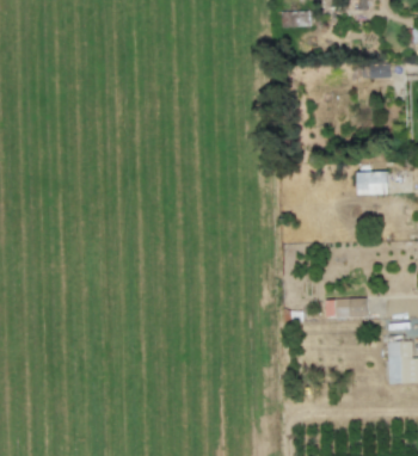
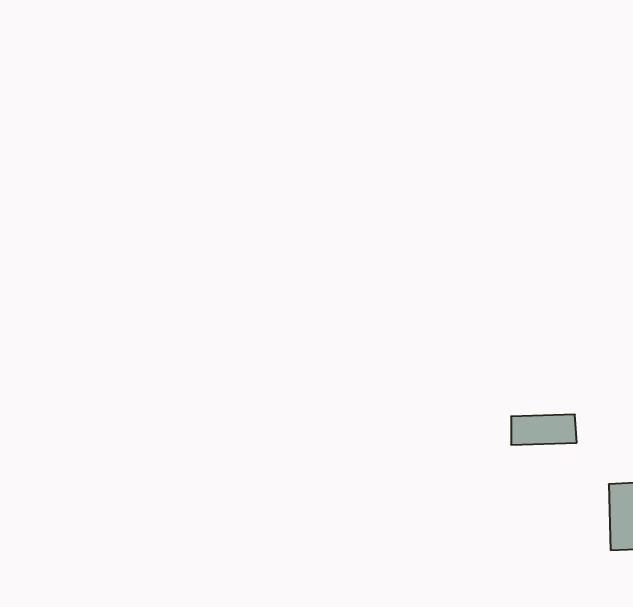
building: [356,172,388,195] -> none

